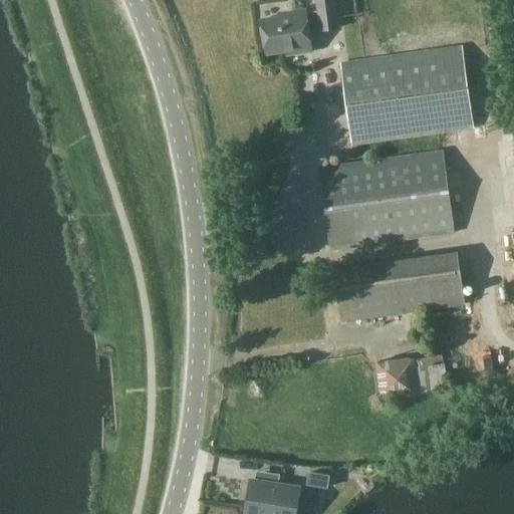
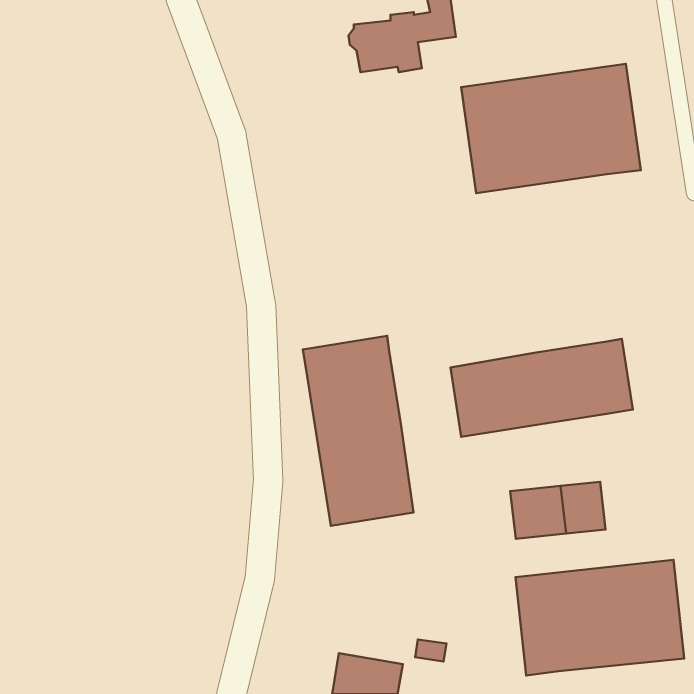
building: [317,151,455,250] -> none
building: none -> [303,336,413,526]
building: none -> [515,560,684,675]

